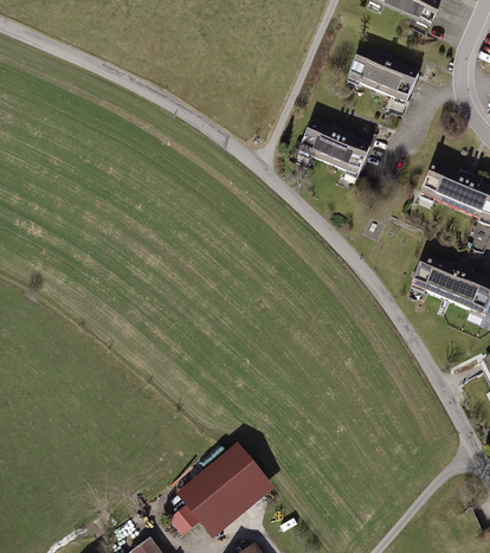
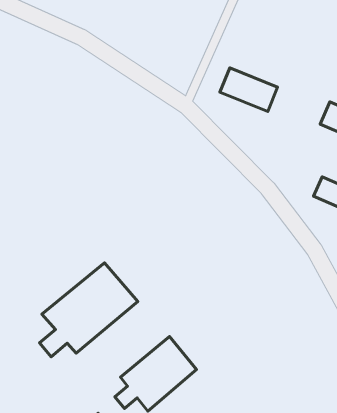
building: [348,51,419,104] -> none
building: none -> [40,263,138,357]

